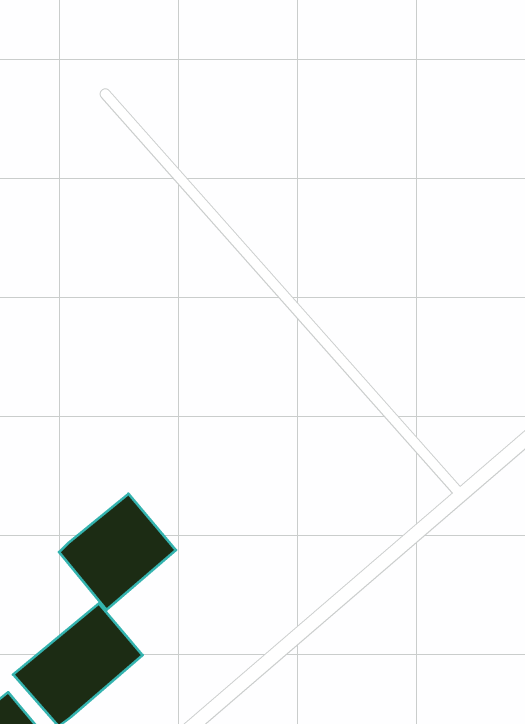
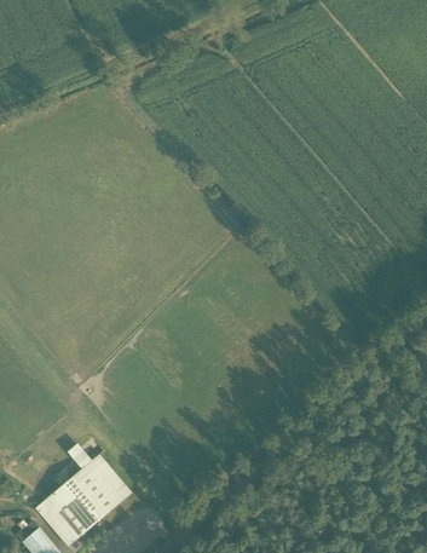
building: [59,494,176,610] -> none

